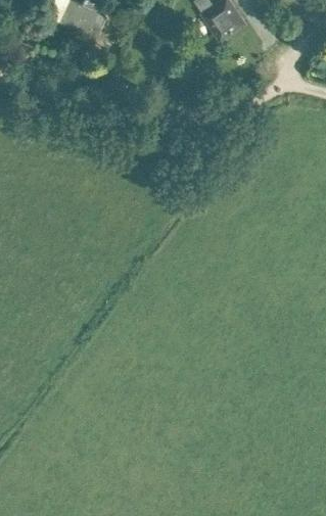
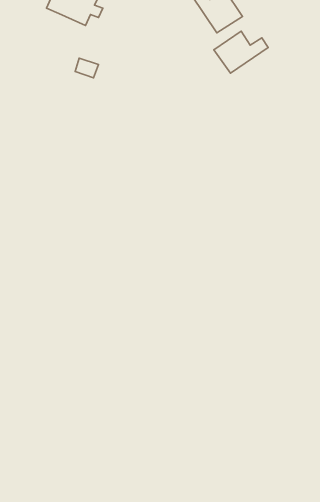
building: none -> [214,31,268,73]

